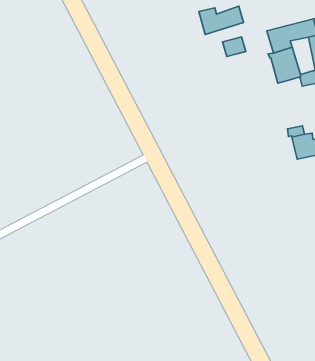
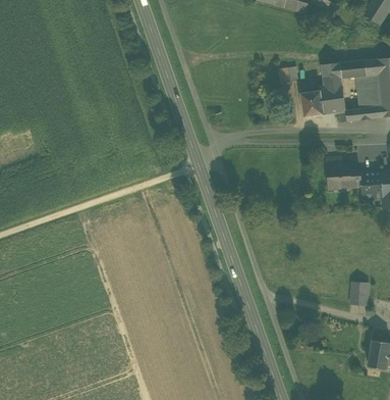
building: [199,6,243,34] -> none
building: none -> [300,91,324,118]

